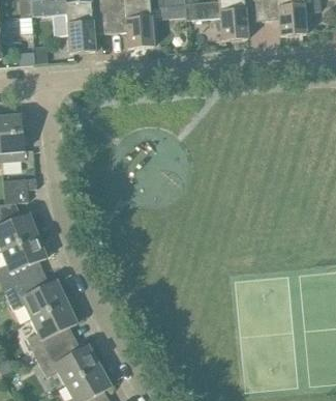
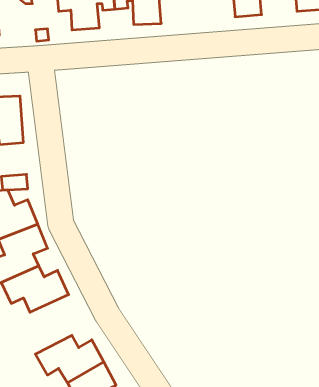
building: [26,300,77,356] -> none

